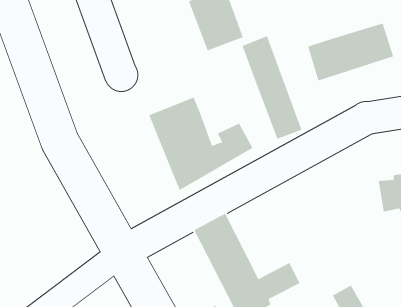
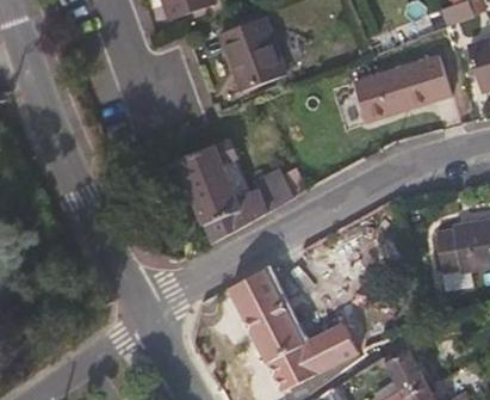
building: [242,35,302,140] -> none

